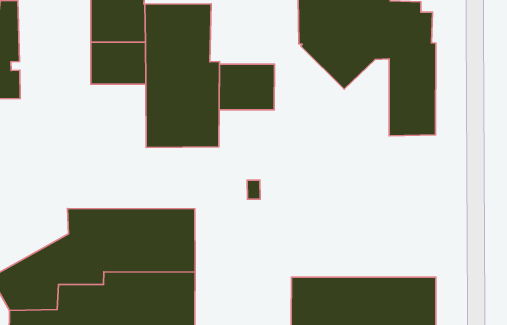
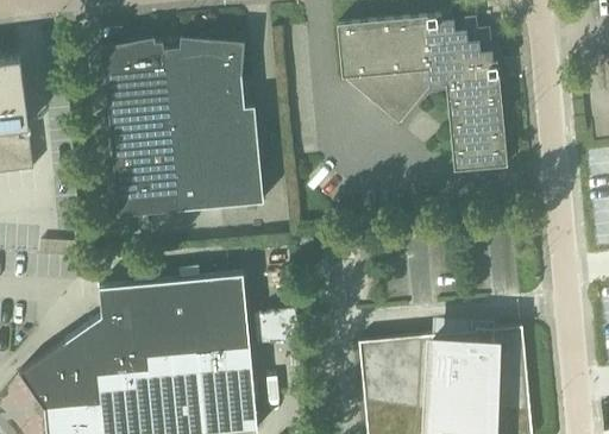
building: [219,64,274,110] -> none
building: none -> [112,139,181,215]

